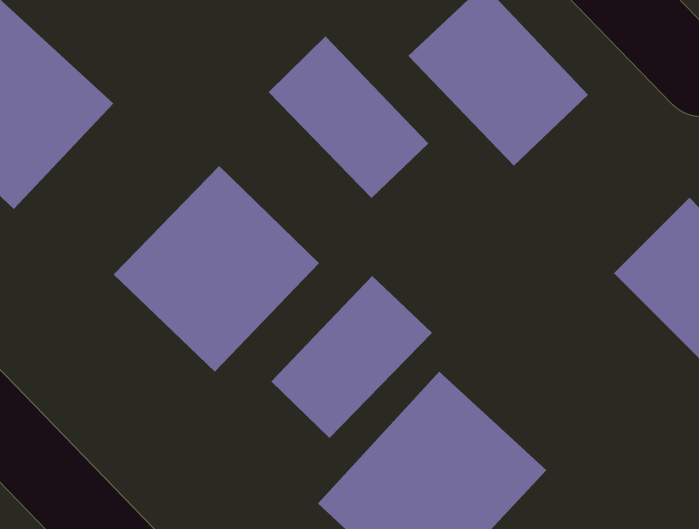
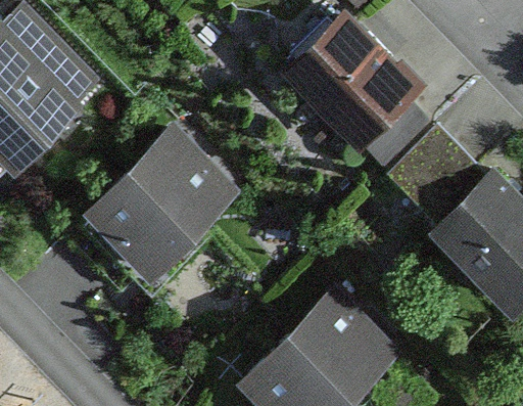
building: [268,36,429,199] -> none
building: [270,275,433,439] -> none

